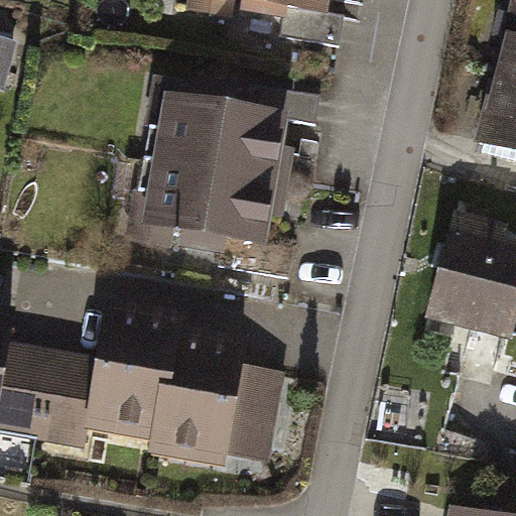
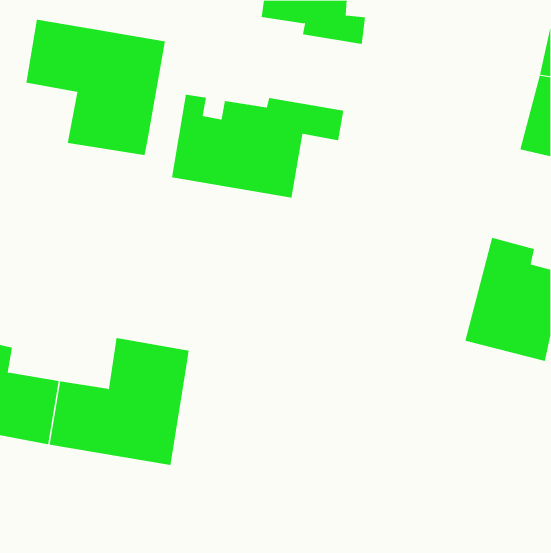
building: none -> [26,19,165,156]
building: [146,165,295,277] -> none
building: [157,341,273,458] -> none

